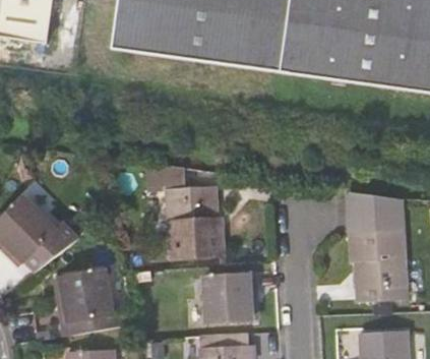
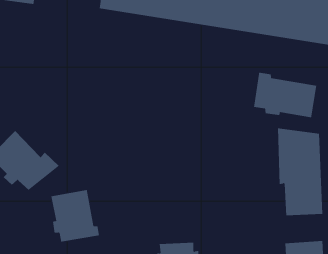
building: none -> [253,72,317,118]
building: [130,168,220,258] -> none
building: [199,274,251,324] -> none

